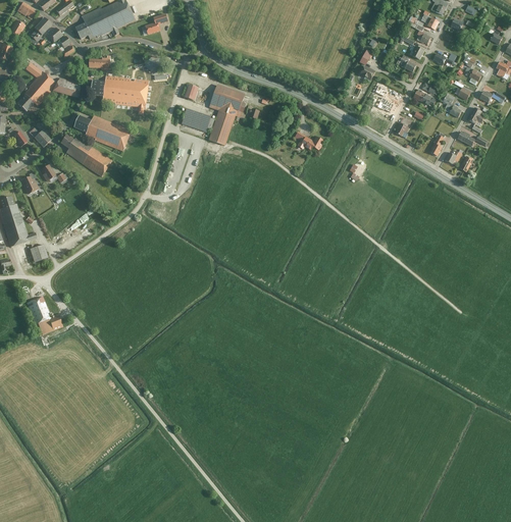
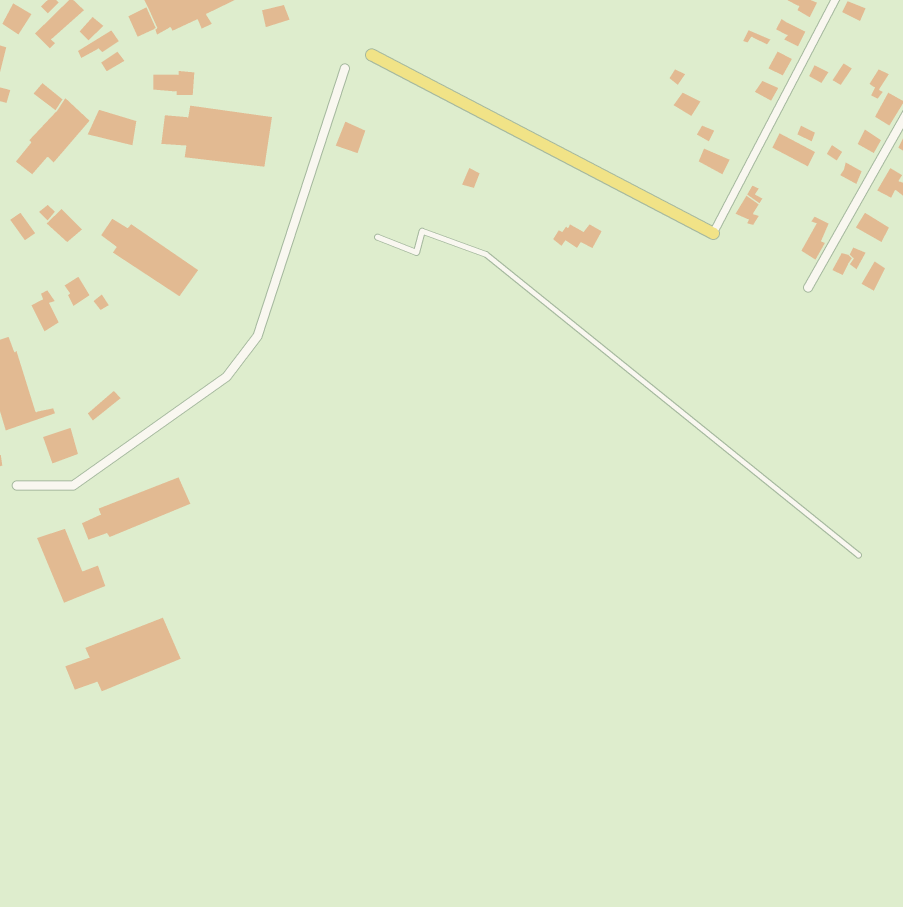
building: [183,82,247,144] -> none
building: [74,114,133,152] -> none
building: none -> [81,477,191,541]
building: none -> [64,617,181,692]

